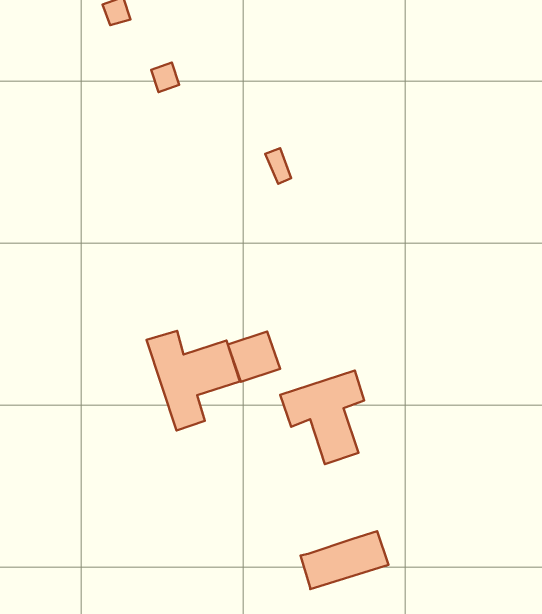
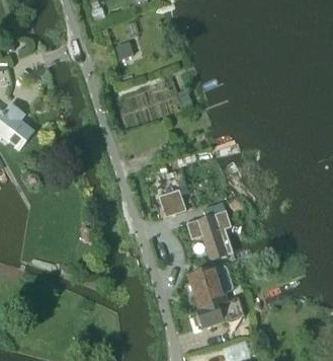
building: [146,331,240,431] -> none
building: none -> [190,267,226,309]

